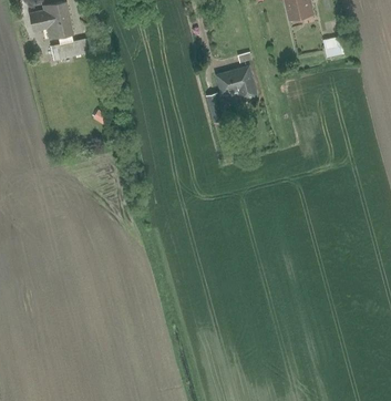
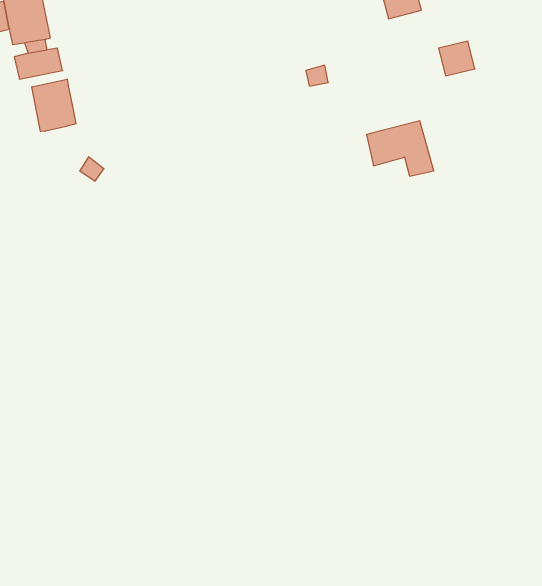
building: none -> [32,79,76,132]
building: [216,65,259,101] -> [366,121,434,176]

